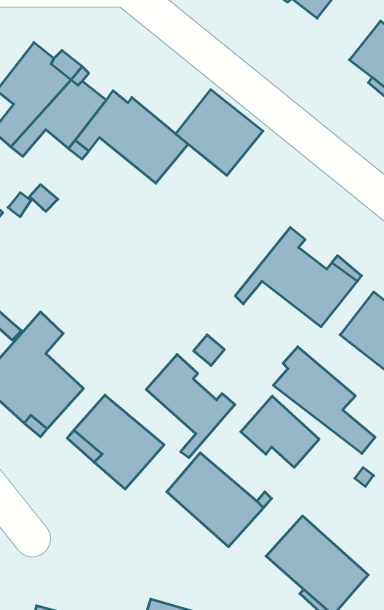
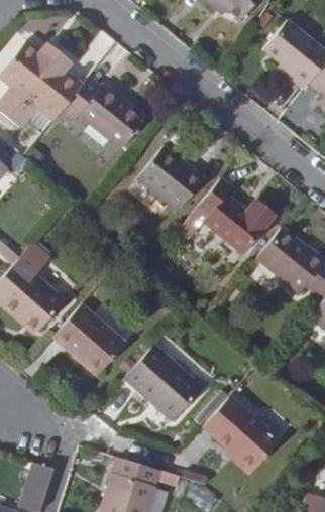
building: [176,90,263,175] -> [138,146,204,211]
building: [273,347,375,454] -> none
building: [146,354,235,458] -> none
building: [241,396,319,467] -> none

